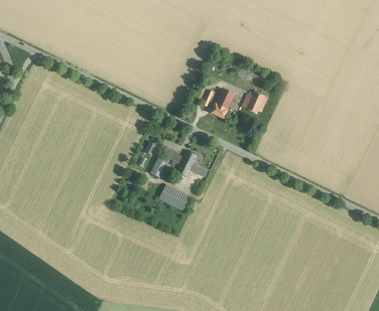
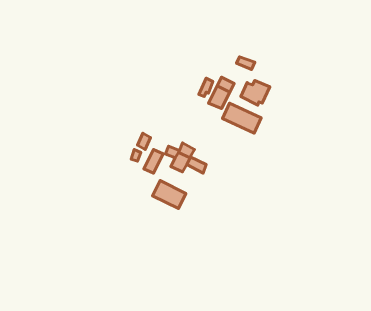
building: none -> [222,103,261,133]

